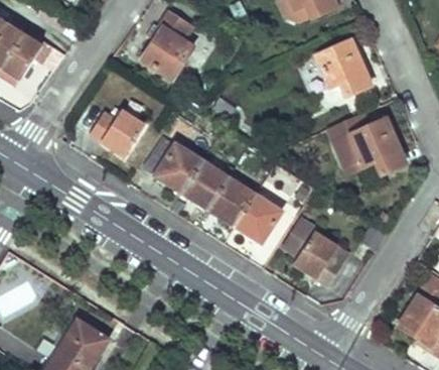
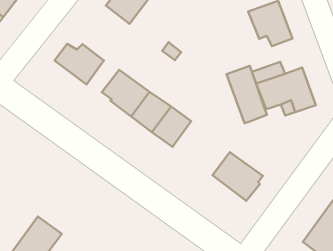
building: none -> [227,66,267,123]
building: [235,192,281,241] -> none

